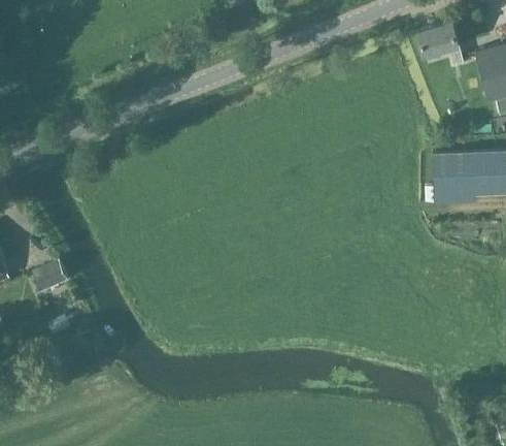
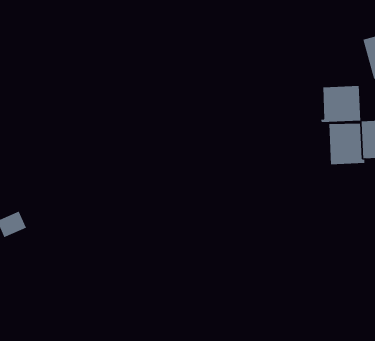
building: [417,22,463,65] -> none
building: none -> [321,85,361,123]

